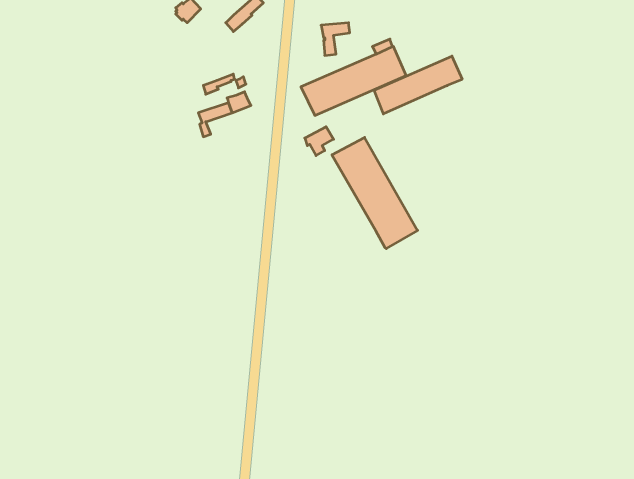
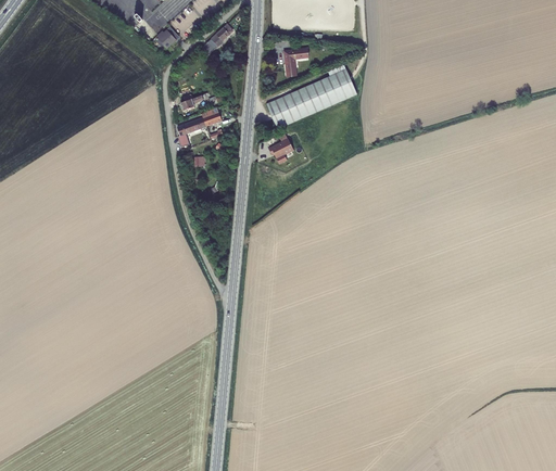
building: [374,56,462,114] -> none
building: [332,137,418,249] -> none

